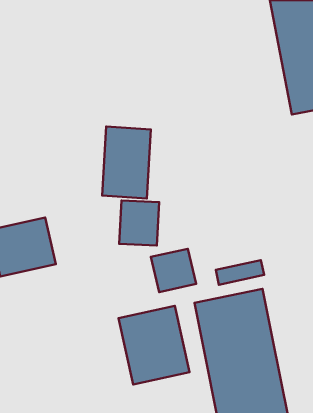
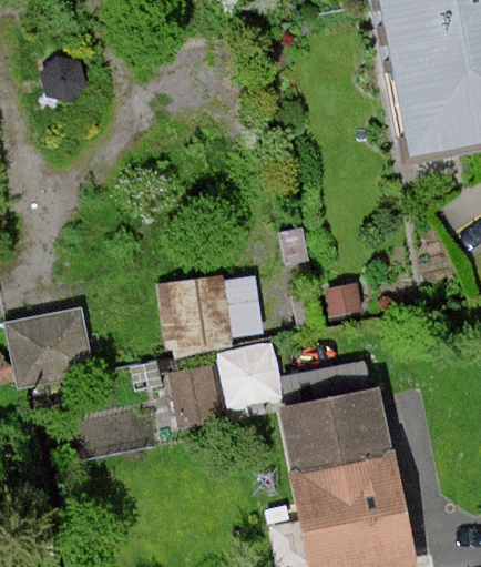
building: [102,127,151,198] -> none
building: [119,306,190,384] -> none

